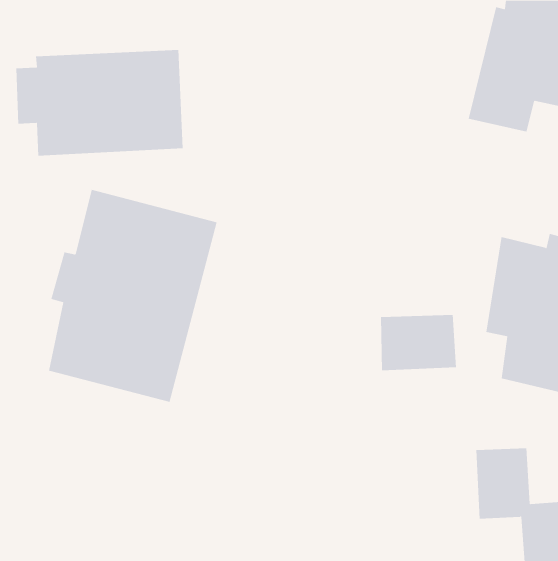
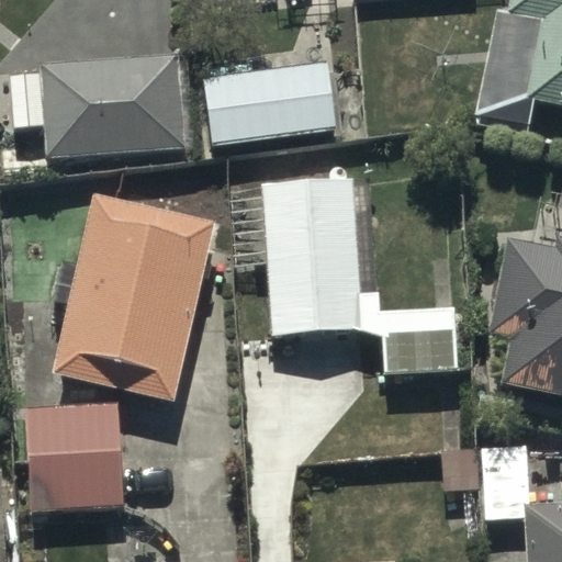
building: none -> [203,64,336,143]
building: none -> [229,175,363,336]
building: none -> [24,398,125,514]

